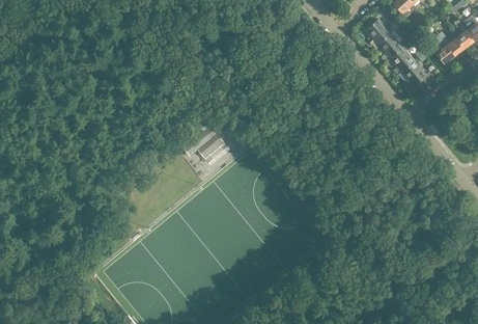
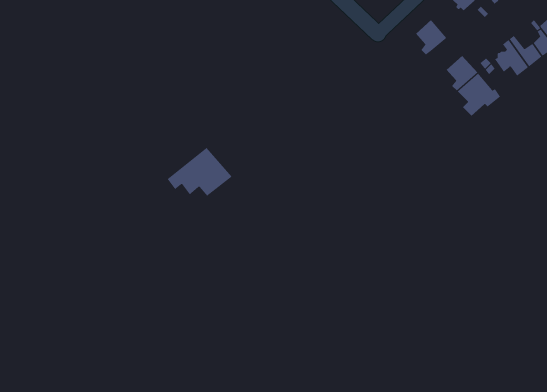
building: [378,30,402,61] -> none

